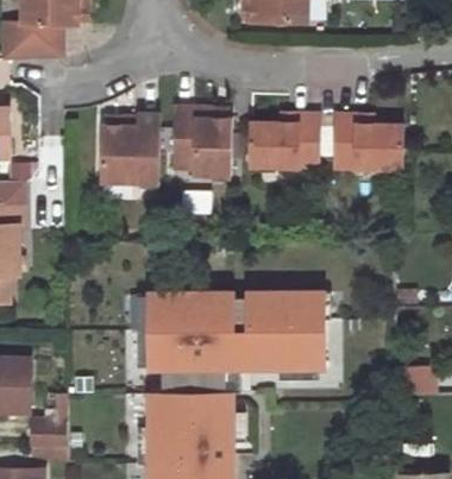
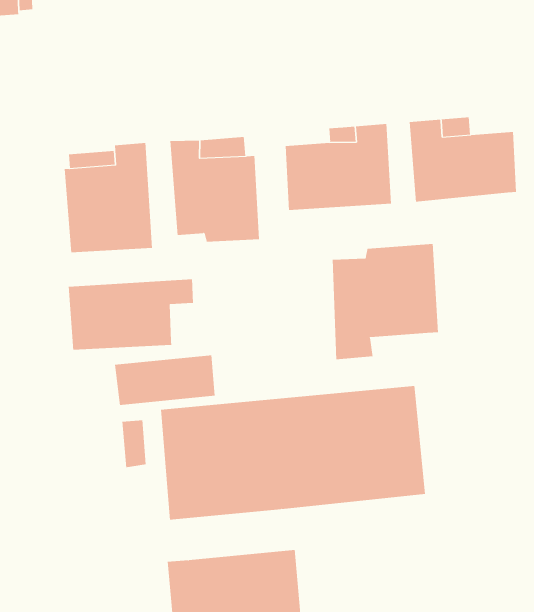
building: none -> [332,243,439,360]
building: none -> [68,278,193,351]
building: [159,364,225,392] -> [114,355,215,405]

